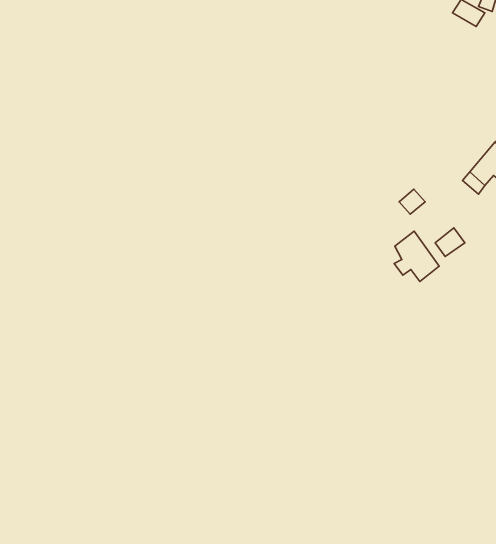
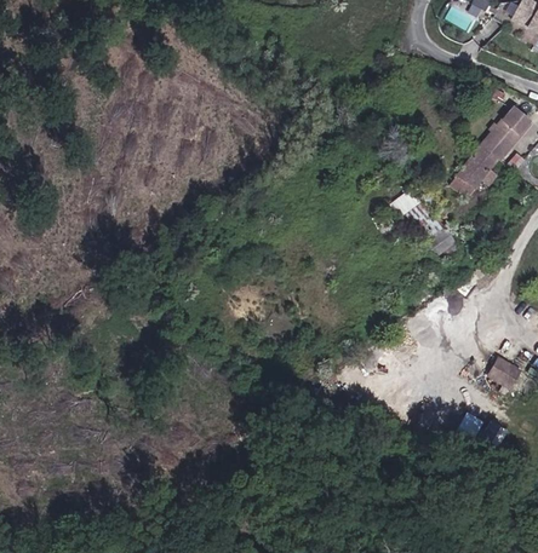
building: [394,231,439,281] -> none

